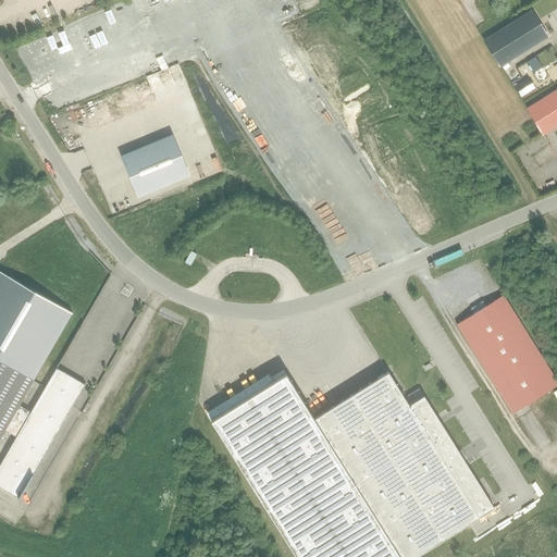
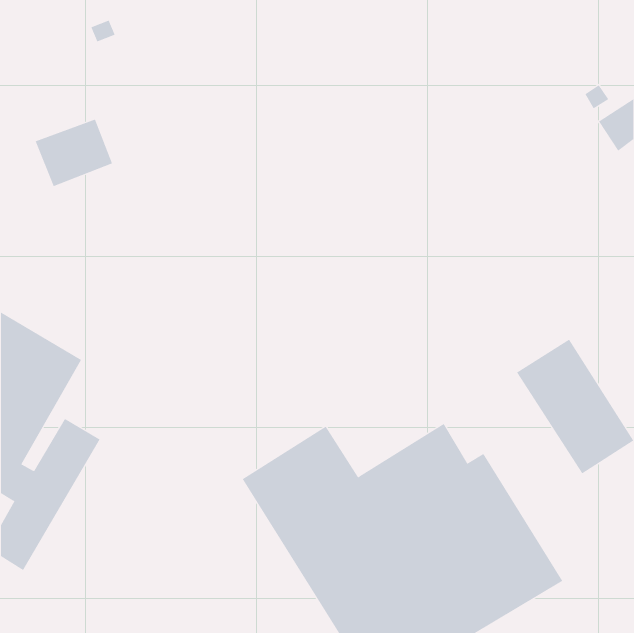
building: [481,8,549,64] -> none
building: [123,135,191,195] -> [35,119,113,187]

